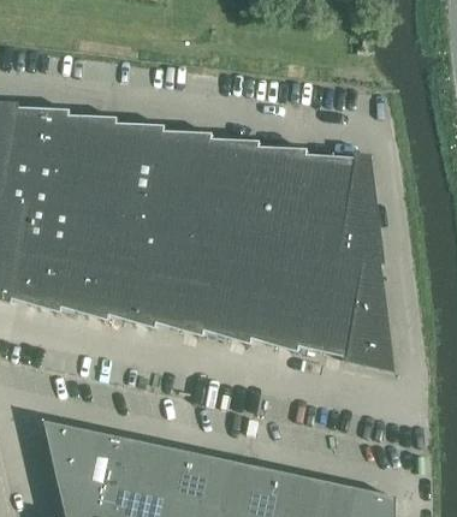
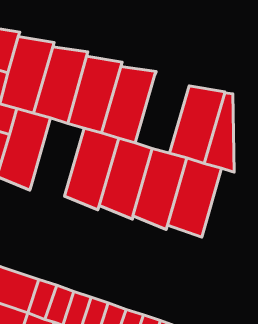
building: [239,145,304,248] -> none
building: [106,219,168,327] -> none
building: [344,260,386,366] -> none

